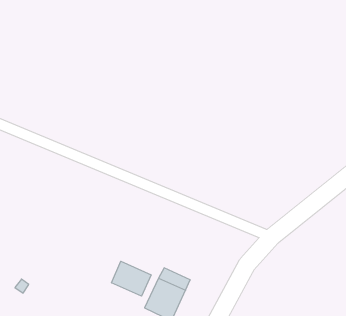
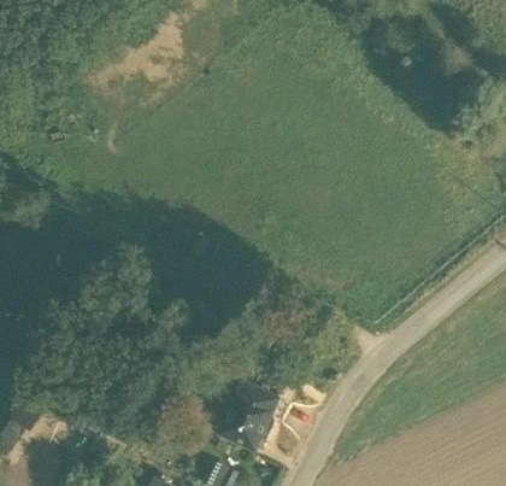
building: [112,261,151,296] -> none

